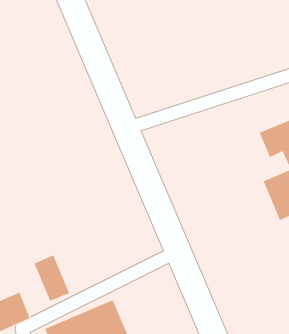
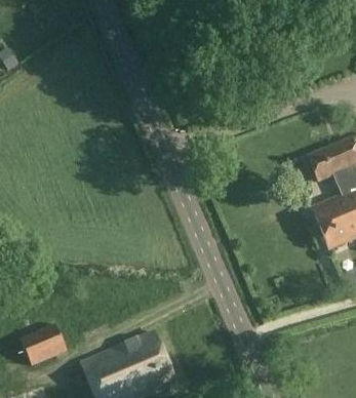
building: [34,254,70,301] -> none

